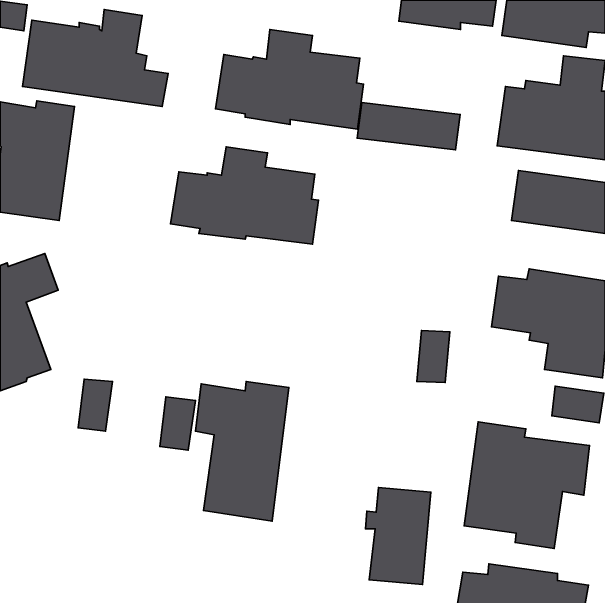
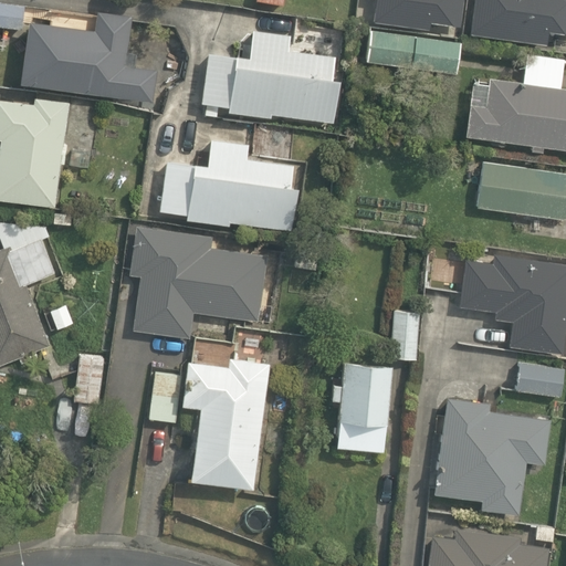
building: [357,103,460,150] -> [366,31,462,75]
building: none -> [129,226,268,339]
building: [366,487,431,584] -> [332,361,392,452]

